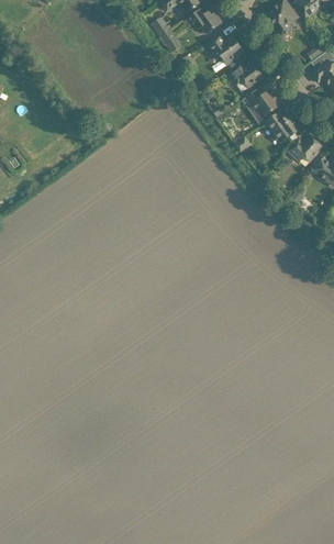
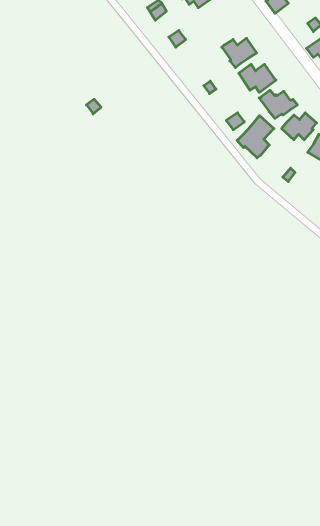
building: [207,34,243,64] -> none
building: none -> [237,116,274,158]

